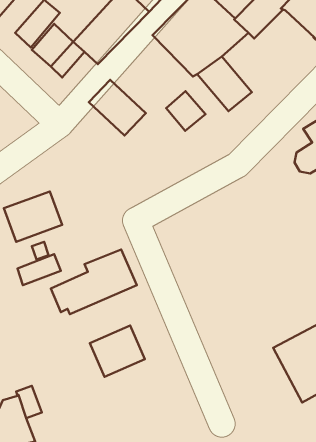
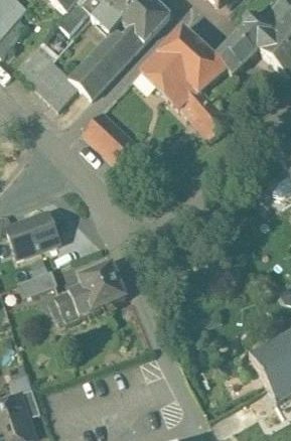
building: [166,91,206,131] -> none
building: [90,326,145,377] -> none

